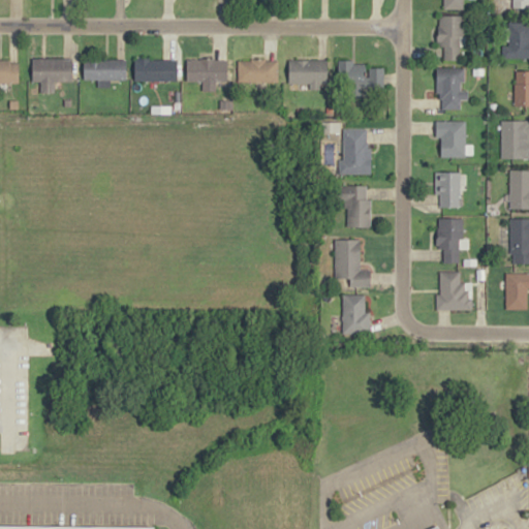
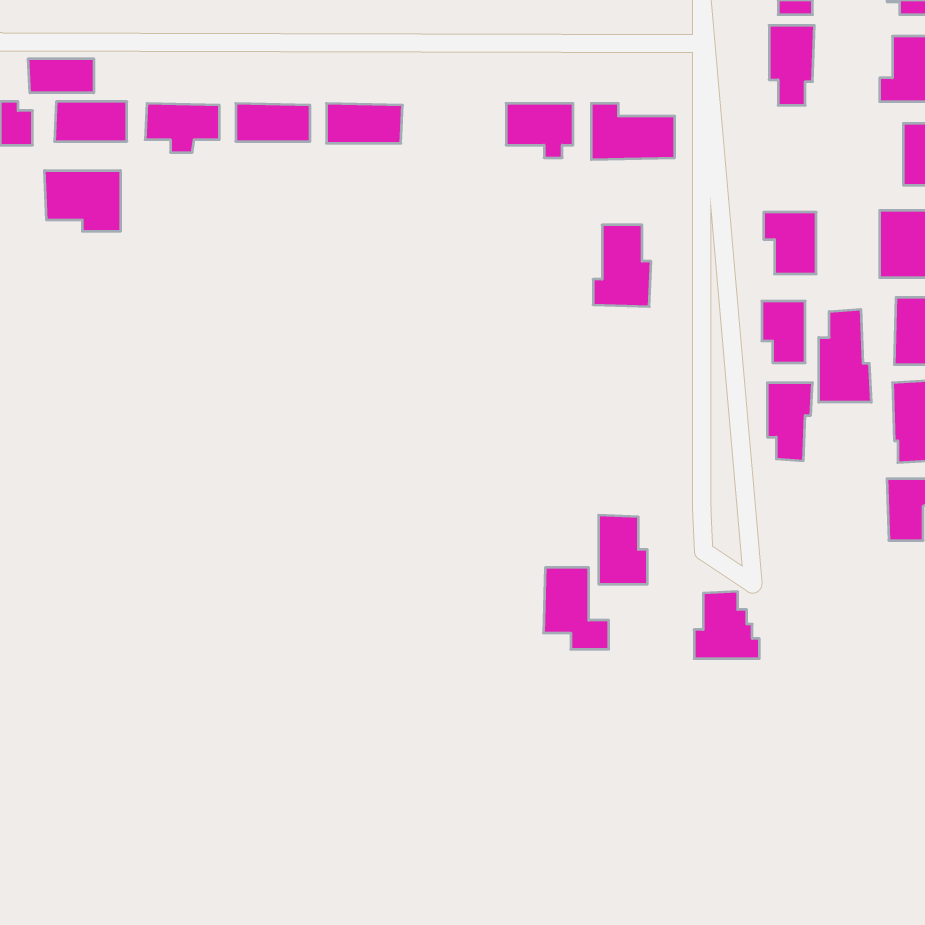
building: none -> [28,59,94,93]
building: [240,60,279,83] -> none
building: [437,67,469,110] -> none
building: none -> [45,170,120,231]
building: none -> [819,309,871,402]
building: [340,186,371,228] -> none
building: [335,241,372,287] -> [543,568,609,649]
building: [435,273,472,311] -> [694,592,759,659]

